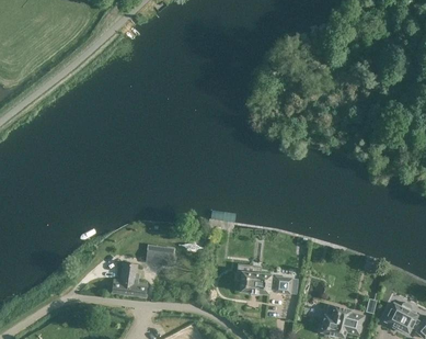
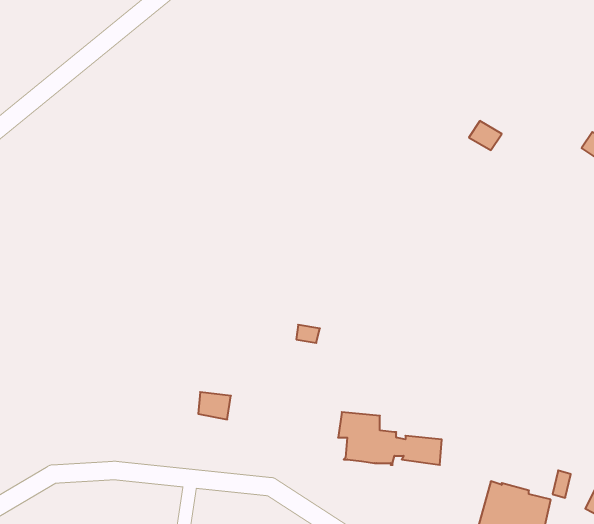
building: [111,262,146,297] -> none

